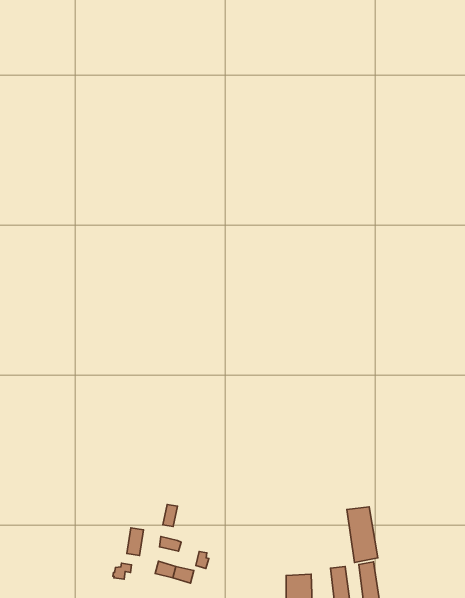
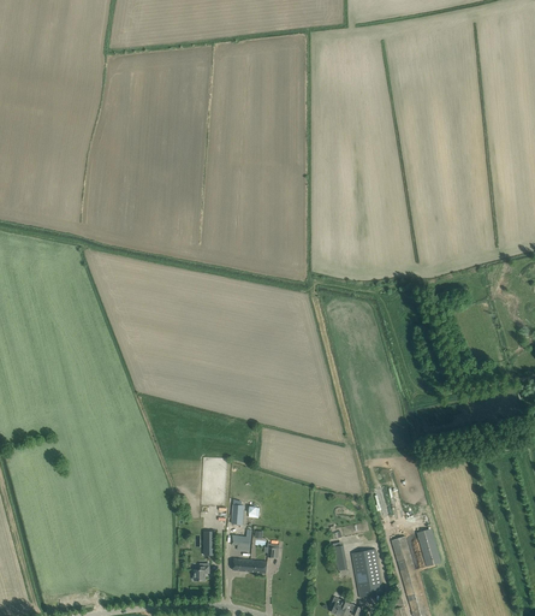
building: [347,507,378,562] -> none

